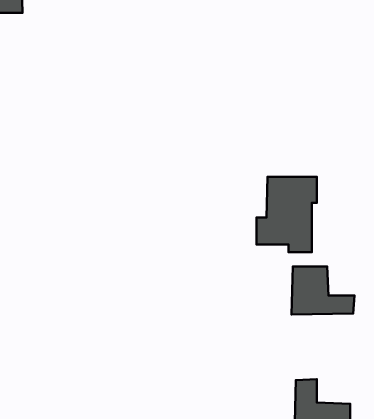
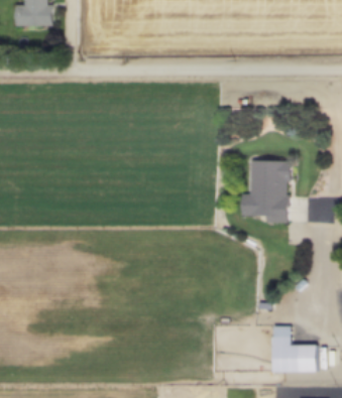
building: [291,267,354,315] -> none

